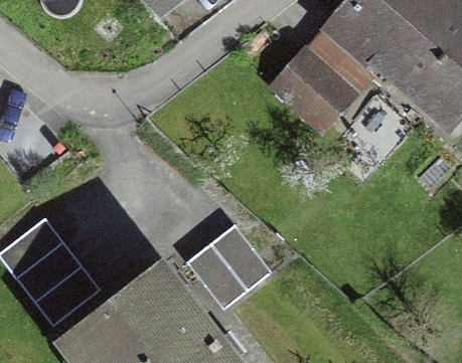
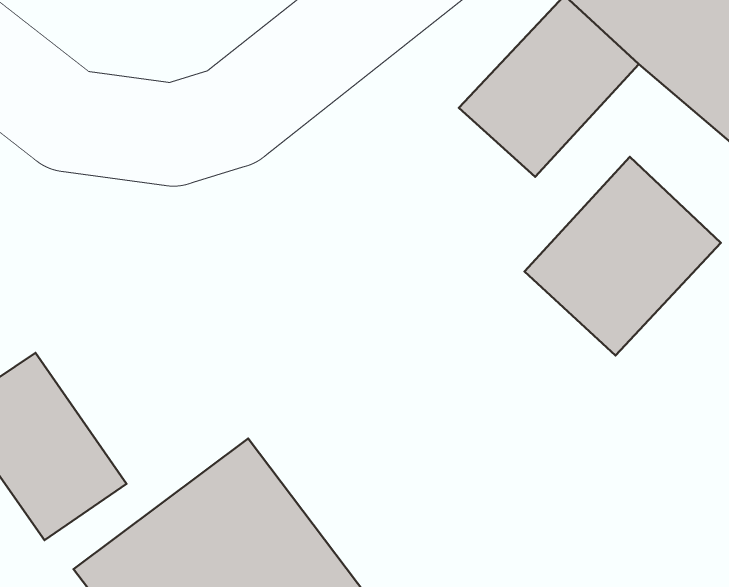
building: none -> [525,157,721,355]
building: [187,224,273,310] -> none

